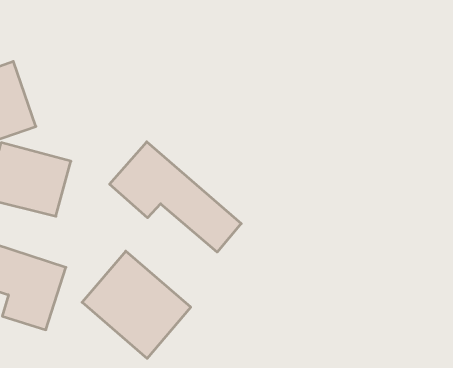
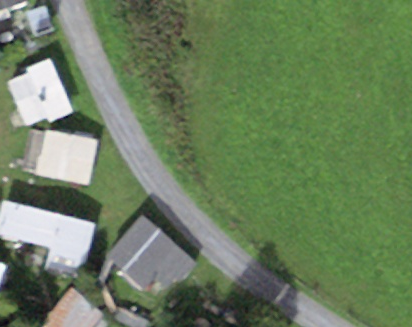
building: [110,142,241,252] -> none

